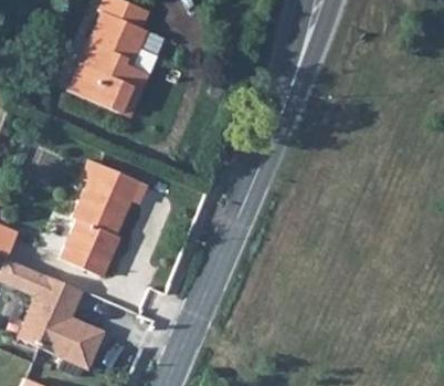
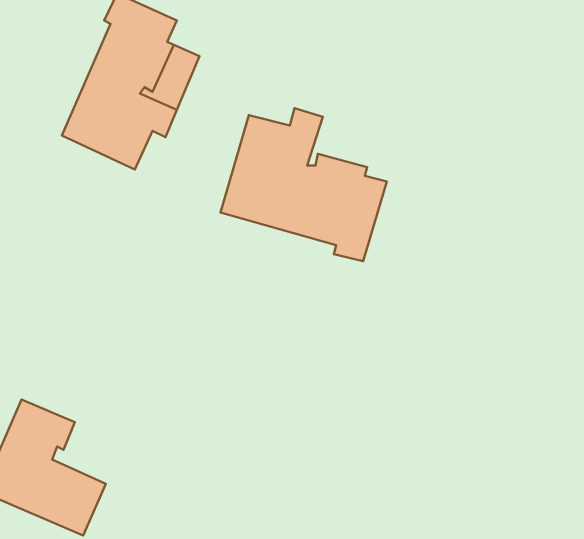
building: none -> [220,108,387,261]
building: [60,160,145,278] -> none

